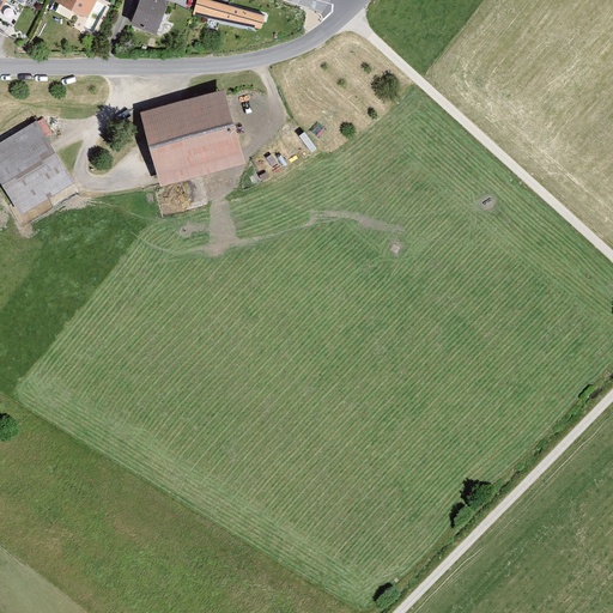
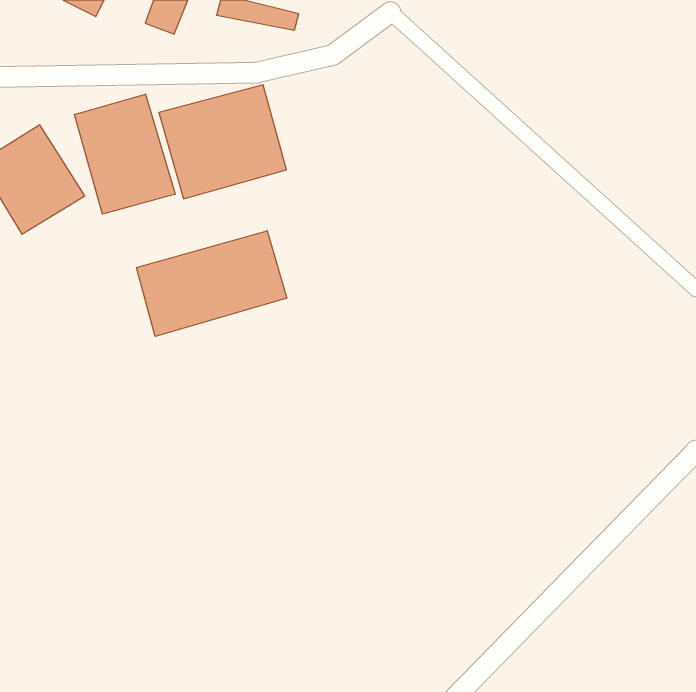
building: none -> [75,94,175,214]
building: none -> [137,231,287,336]

